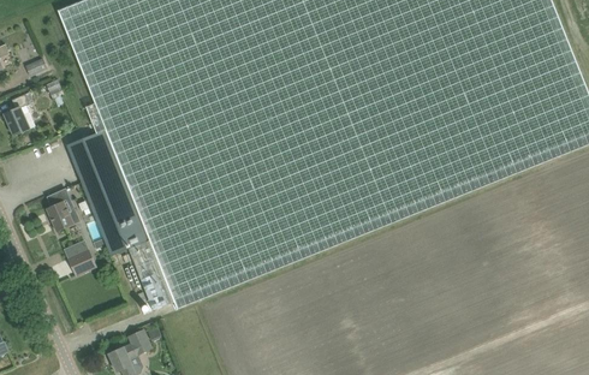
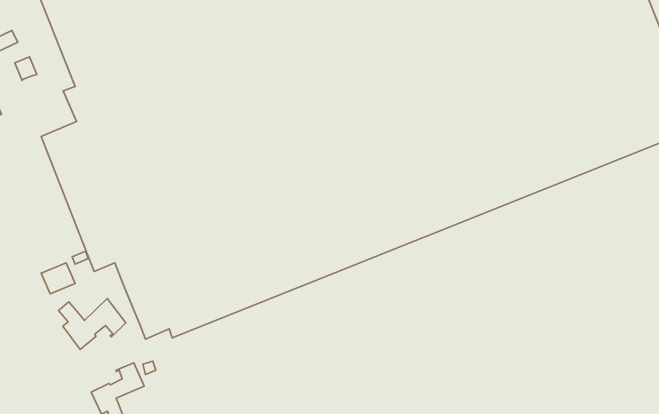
building: [47,189,81,231] -> none
building: none -> [59,299,126,350]

